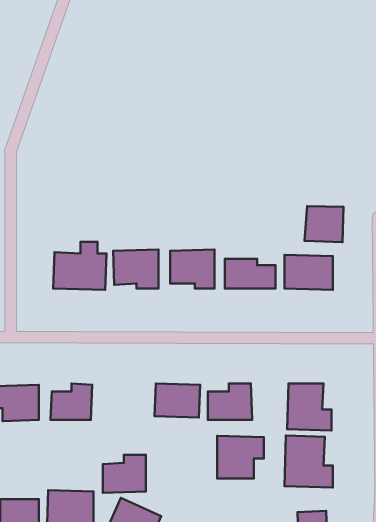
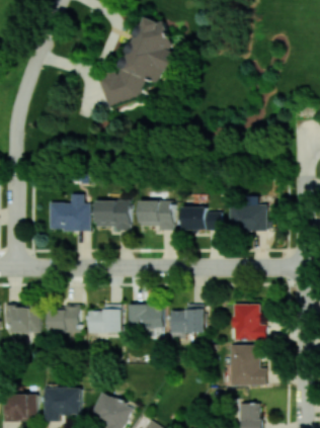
building: none -> [97,16,178,107]
building: [305,206,344,242] -> none
building: [217,436,264,478] -> none
building: [103,455,146,493] -> [87,305,121,334]

